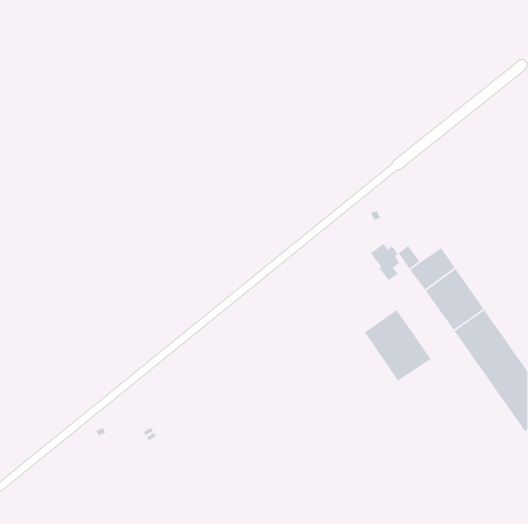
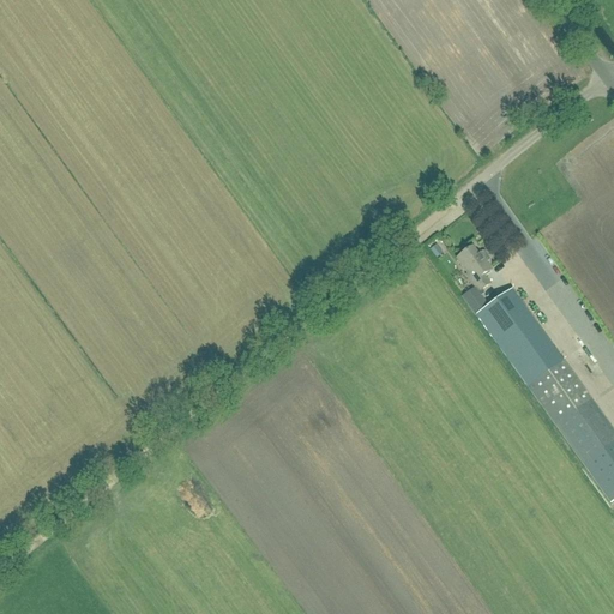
building: [370,243,400,281] -> [456,243,490,288]
building: [364,309,432,382] -> none

